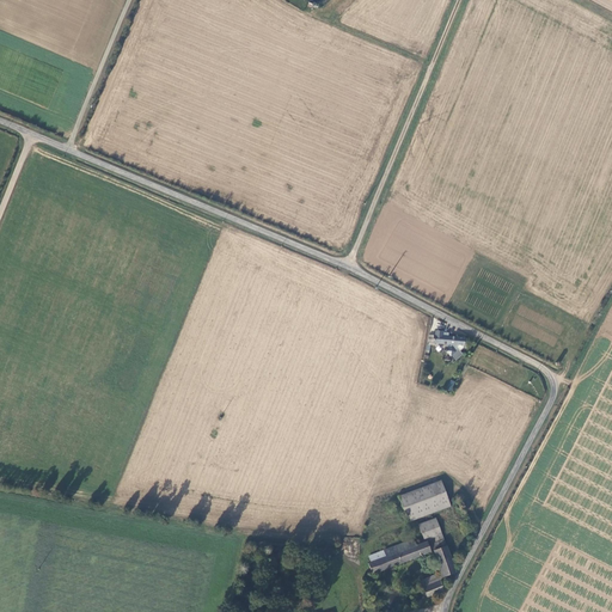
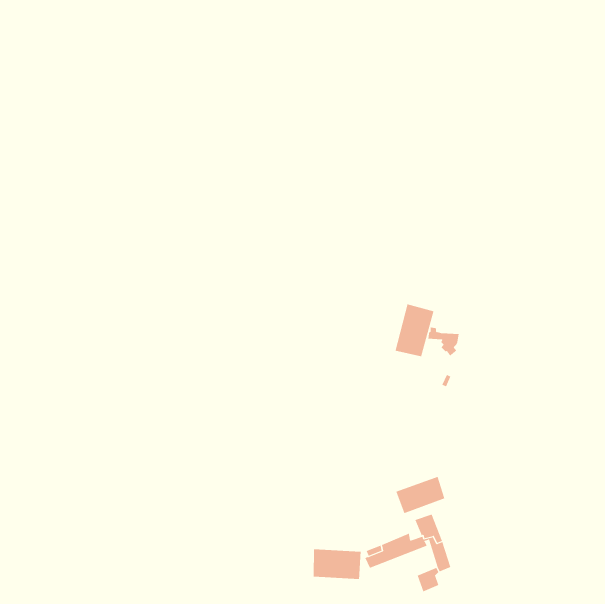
building: none -> [395,303,434,357]
building: none -> [313,549,361,580]

